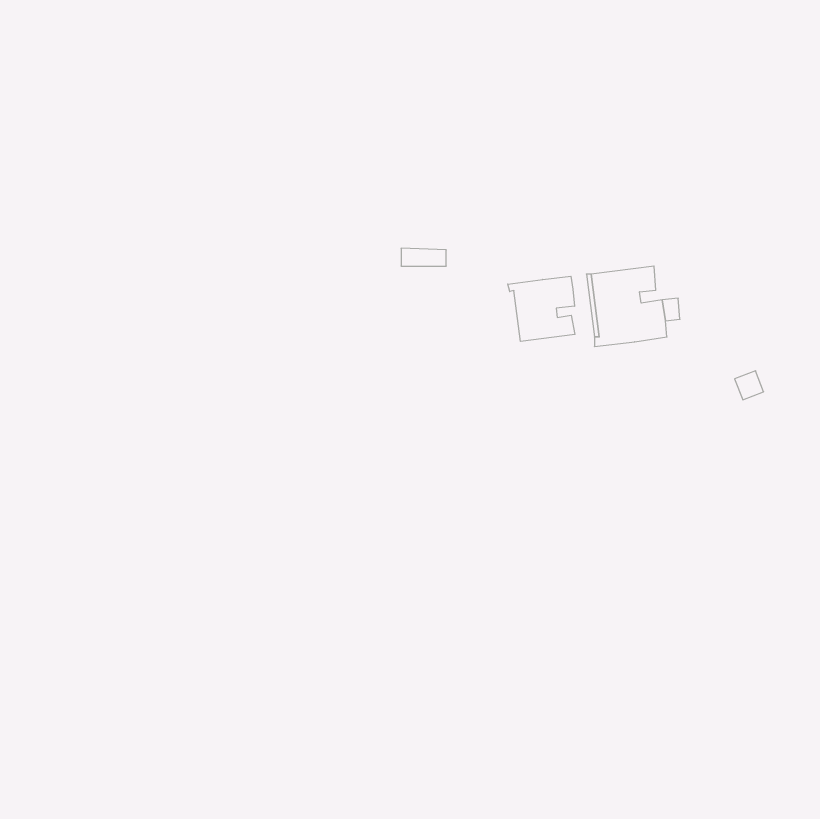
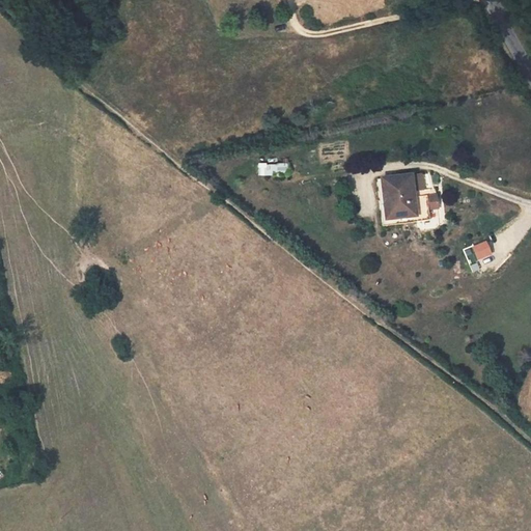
building: [508,276,575,341] -> none

